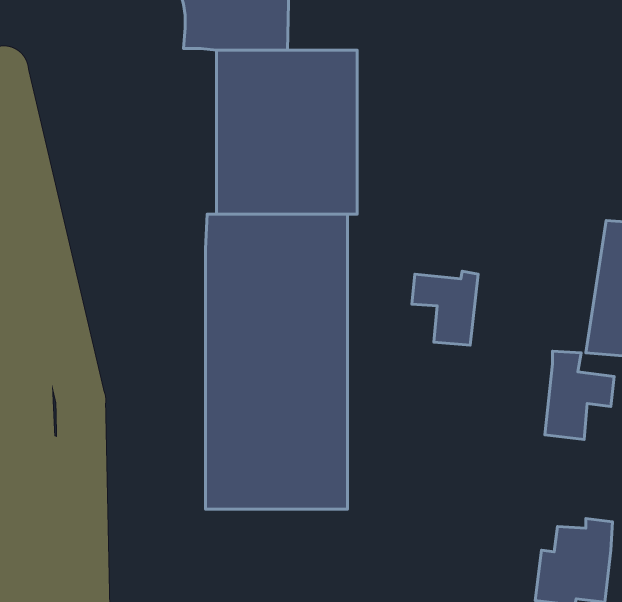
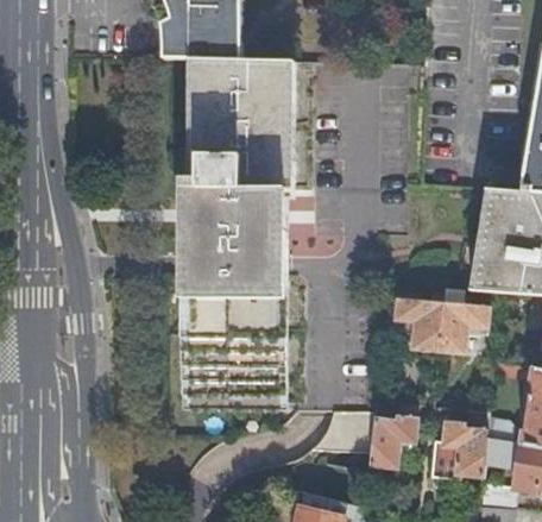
building: [412,271,478,345] -> [392,295,442,351]
building: none -> [370,402,417,470]
building: none -> [330,414,366,455]

